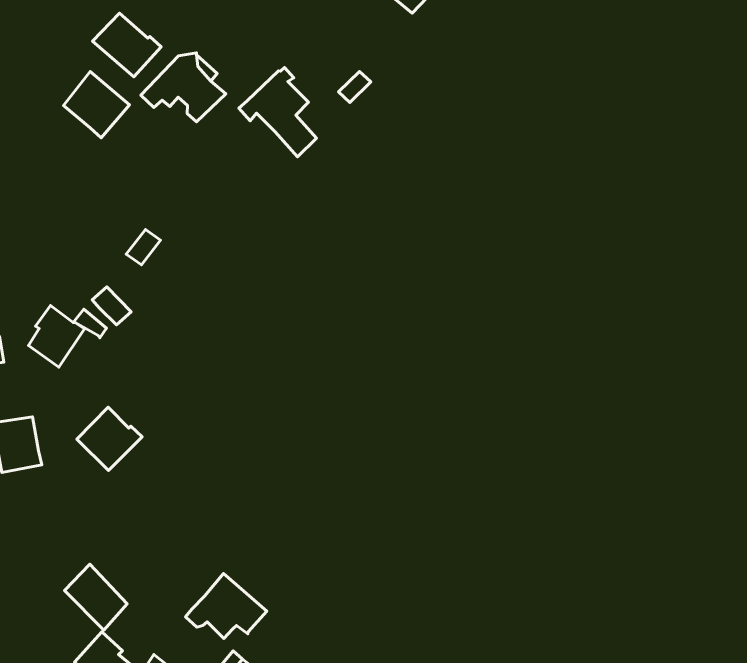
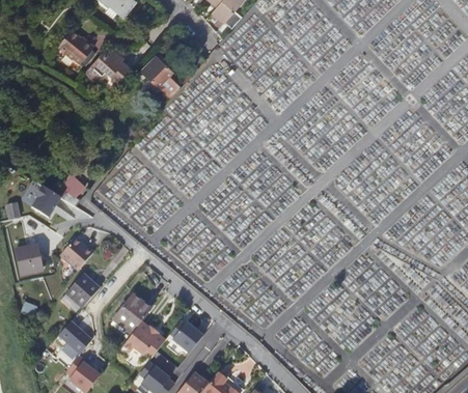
building: [63,71,130,138] -> none
building: none -> [65,274,99,307]
building: none -> [114,294,150,334]
building: none -> [168,318,199,349]

